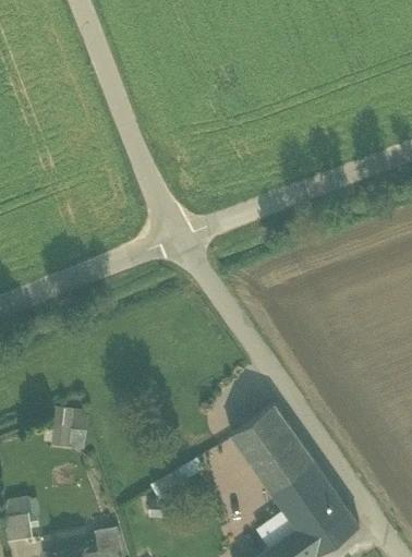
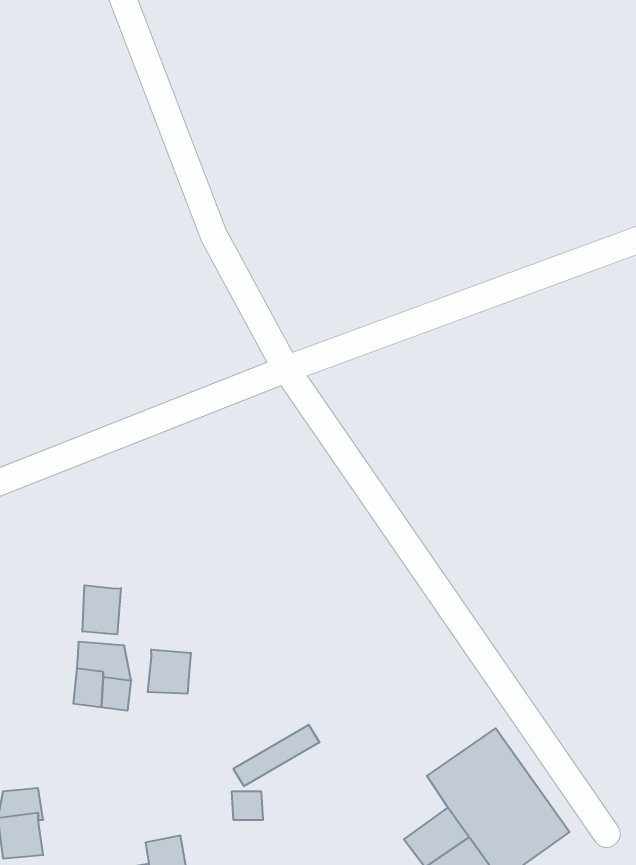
building: none -> [82,585,121,634]
building: [230,407,313,493] -> none
building: none -> [148,649,191,694]

